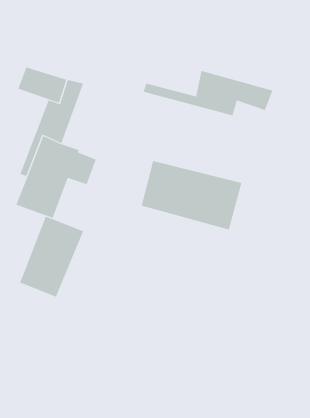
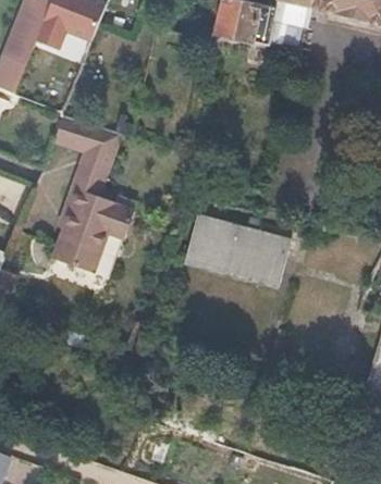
building: [143,70,273,116] -> none
building: [20,216,84,297] -> none

